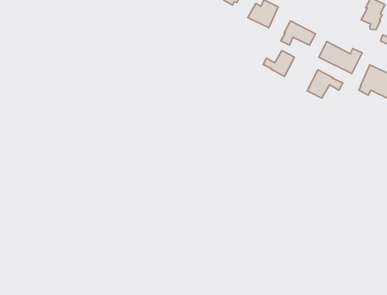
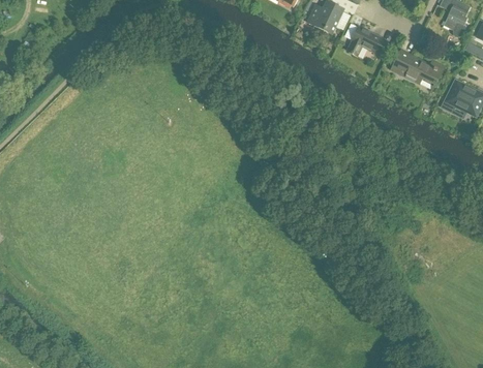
building: [263,51,295,76] -> none
building: [307,70,343,98] -> none

